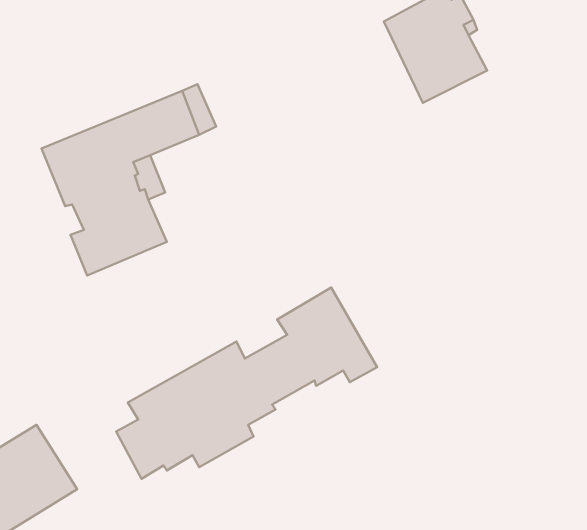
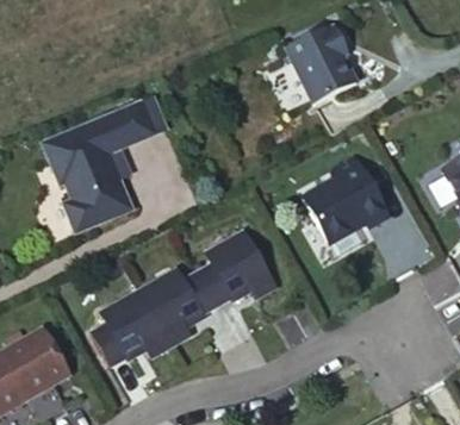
building: none -> [303,155,390,239]

